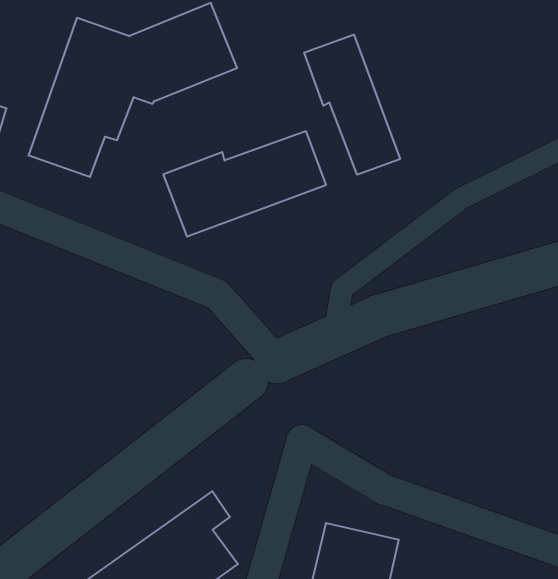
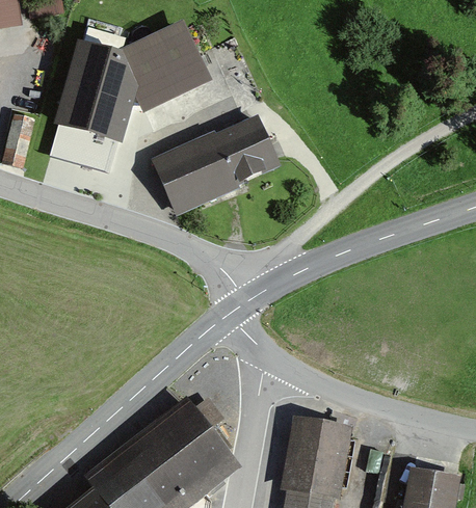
building: [304,35,400,175] -> none

